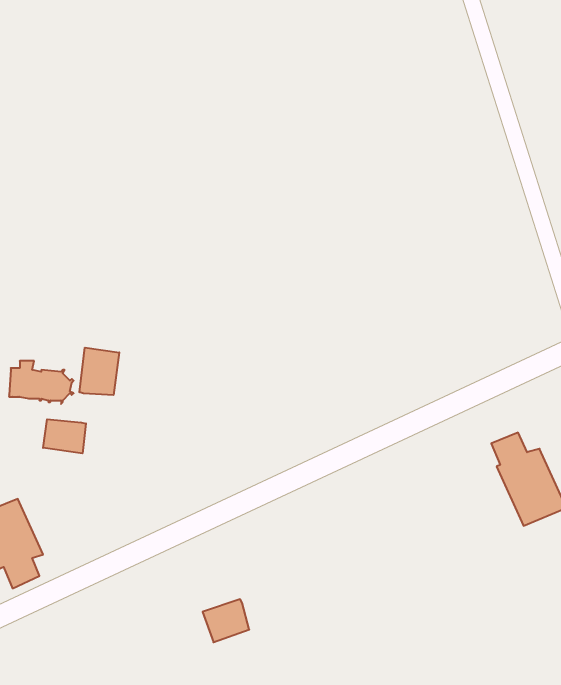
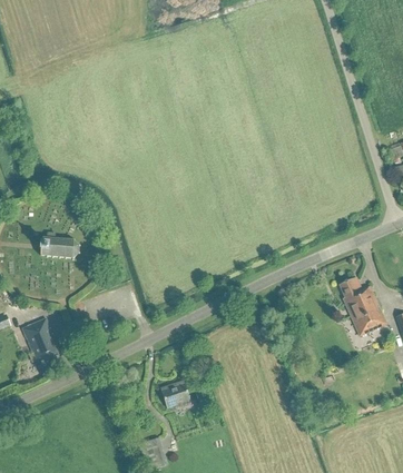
building: [79,348,119,395] -> none
building: [43,419,86,453] -> none

